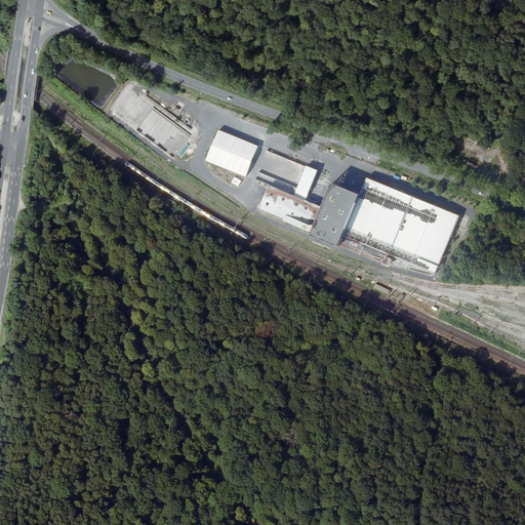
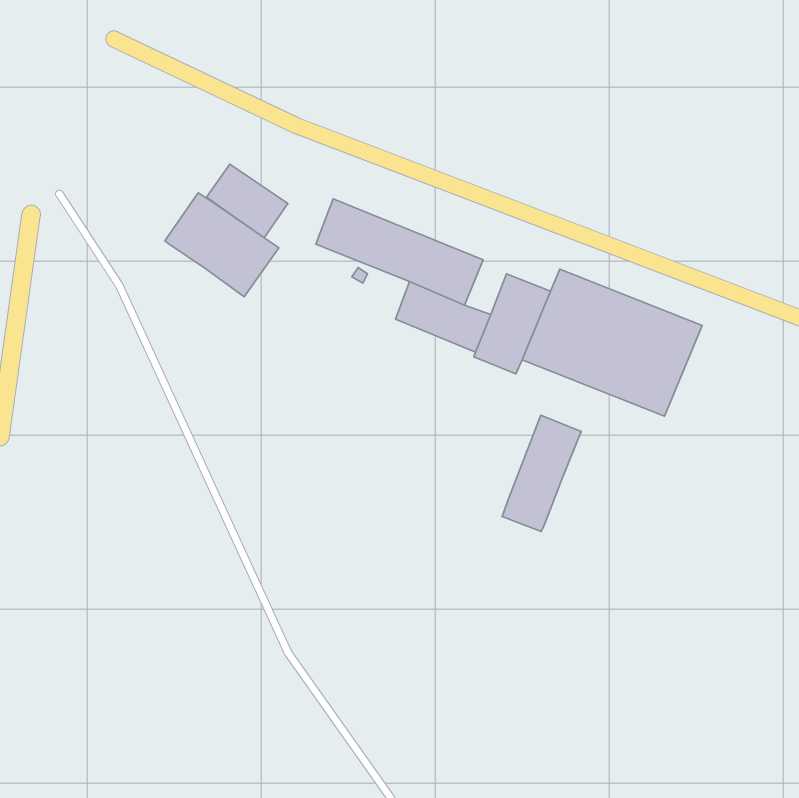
building: none -> [165,193,279,297]
building: none -> [502,415,581,532]

